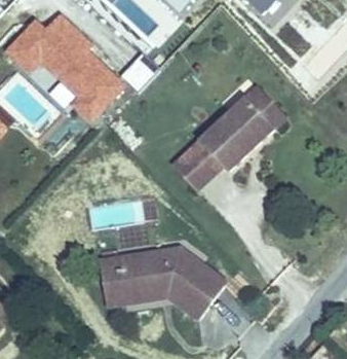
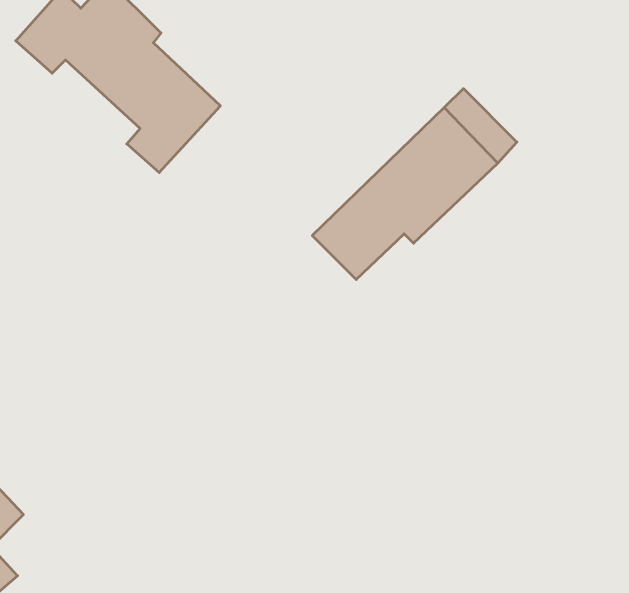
building: [110,248,222,313] -> none

